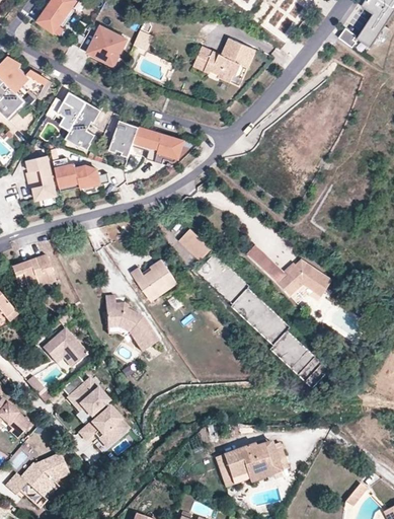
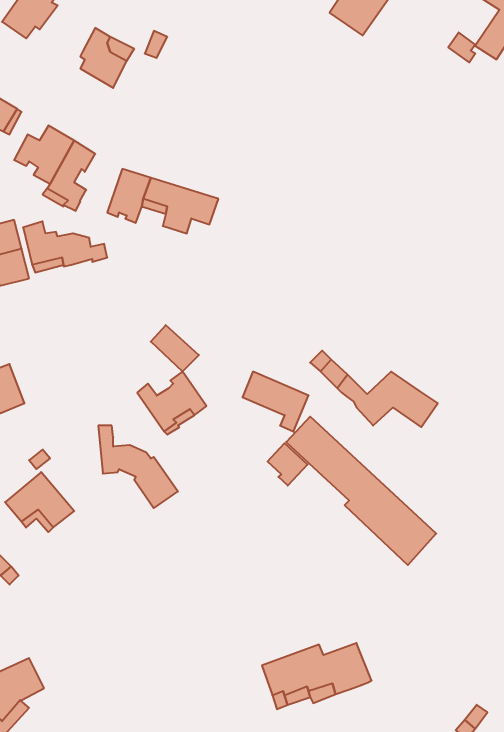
building: [192,36,255,80] -> none
building: [178,227,211,258] -> [151,325,199,372]
building: none -> [268,443,308,486]
building: [62,374,127,445] -> none

